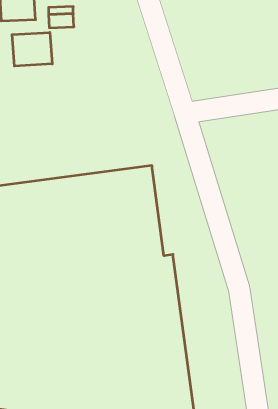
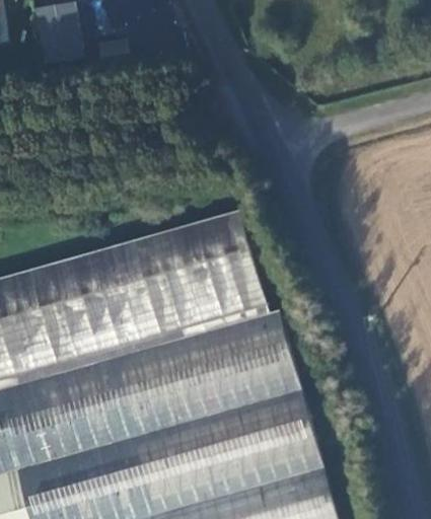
building: [12,32,52,66] -> none

